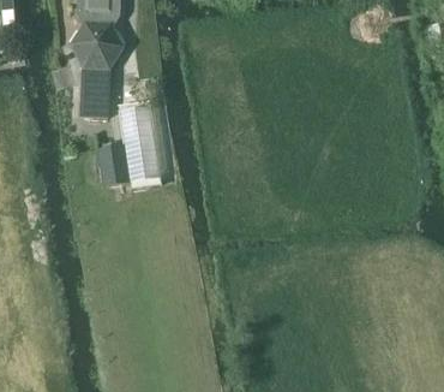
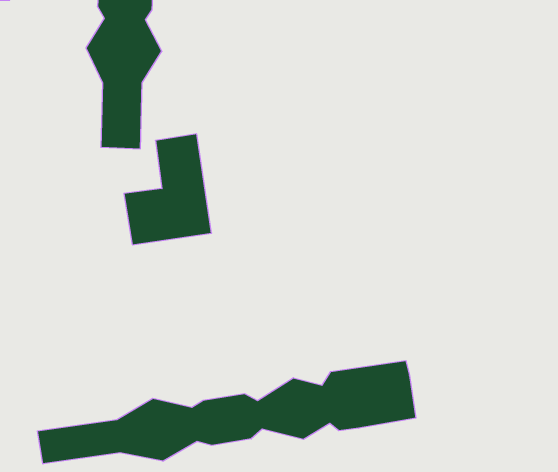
building: none -> [38,361,416,464]

